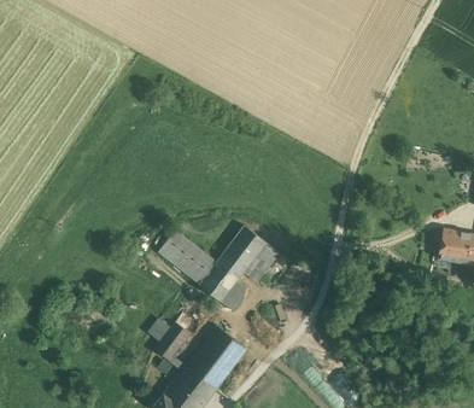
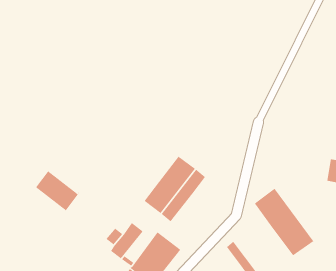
building: [158,229,217,282] -> [35,171,80,211]
building: none -> [255,188,314,256]

